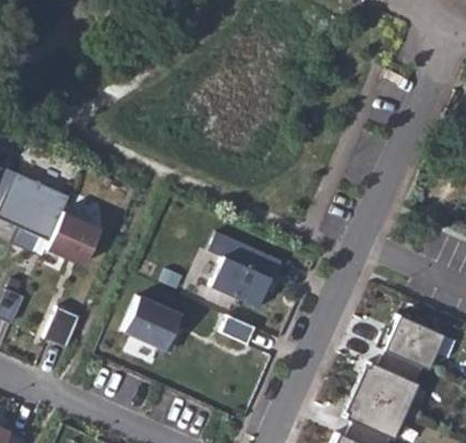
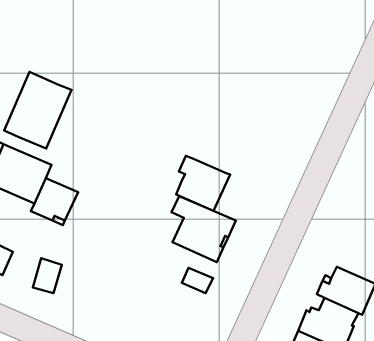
building: none -> [4,72,71,148]
building: none -> [176,156,230,211]
building: [123,296,181,352] -> none

